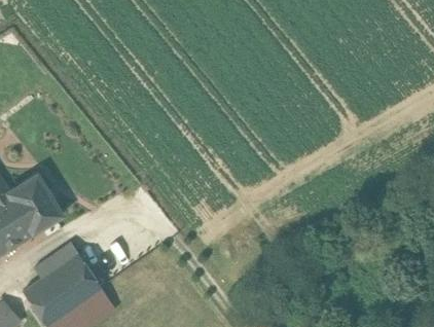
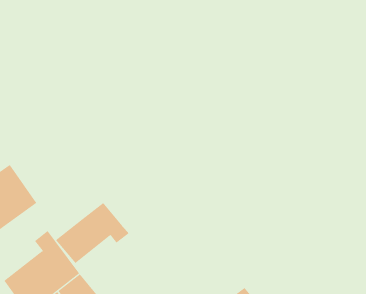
building: none -> [55,202,129,264]

